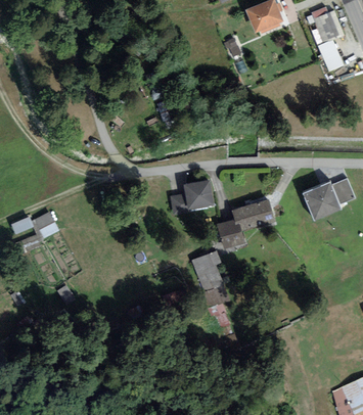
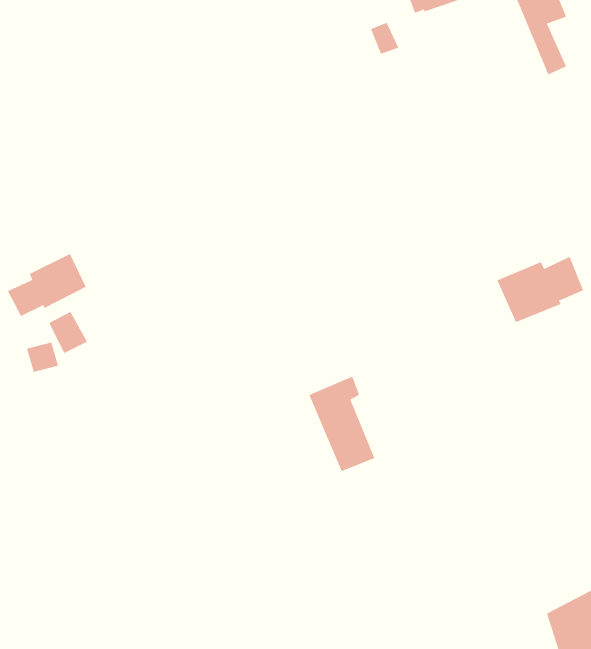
building: none -> [7,253,87,317]
building: [184,182,214,208] -> none
building: [215,198,273,247] -> none

